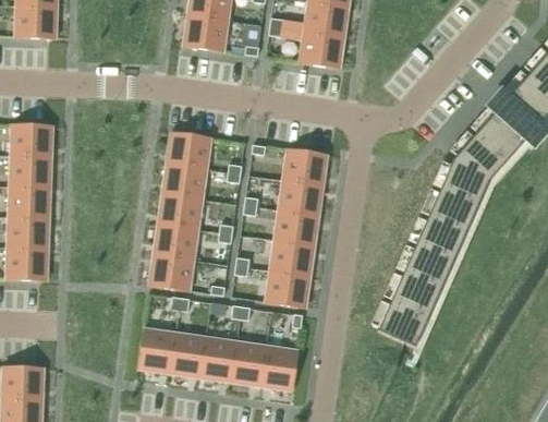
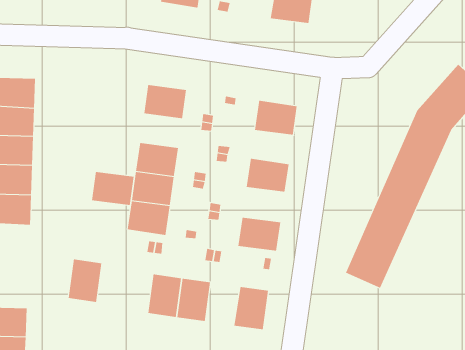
building: [161,162,207,198] -> [91,171,134,206]
building: [278,180,324,216] -> none
building: [269,240,315,277] -> none
building: [139,327,175,373] -> [68,259,102,302]
building: [231,340,267,386] -> none

